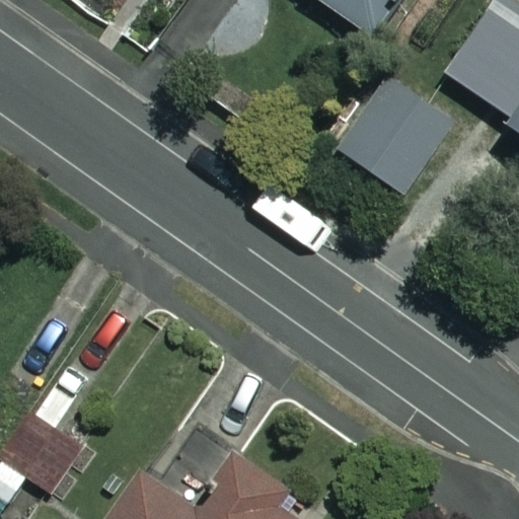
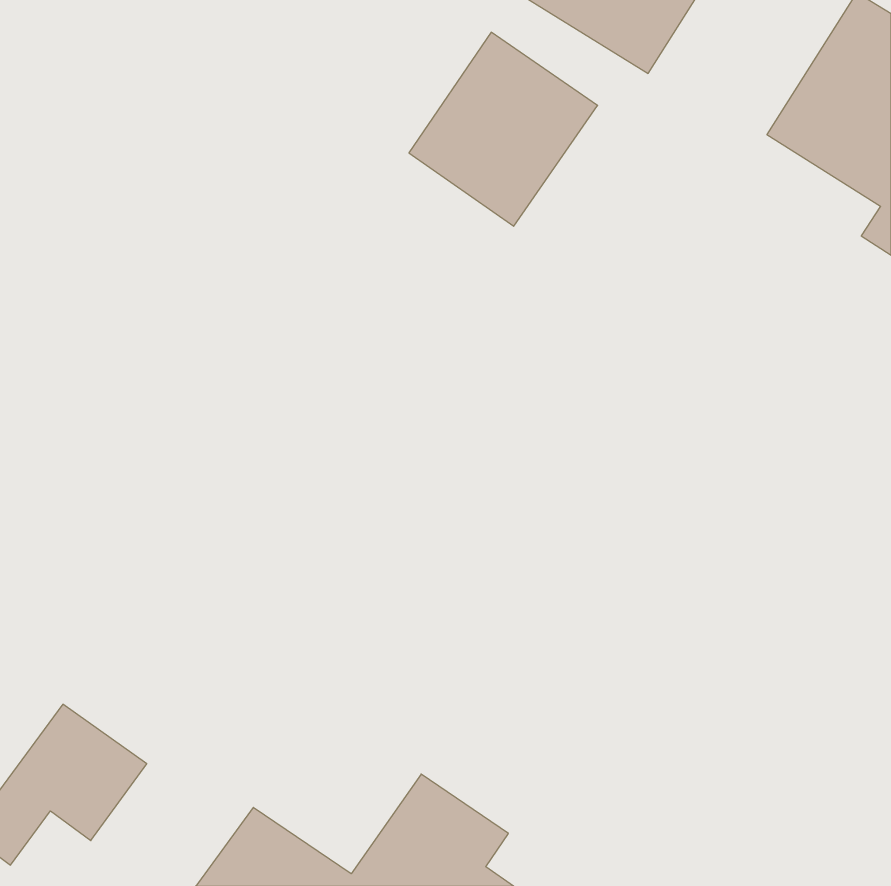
building: [338,81,447,194] -> [409,32,598,226]

